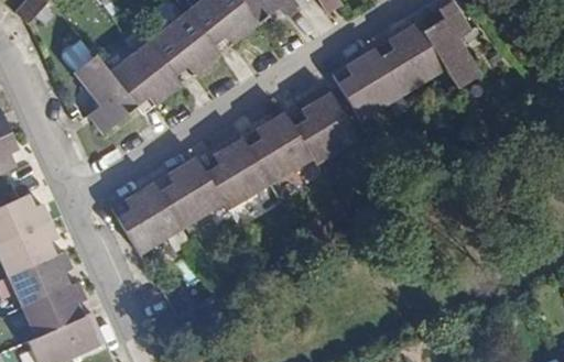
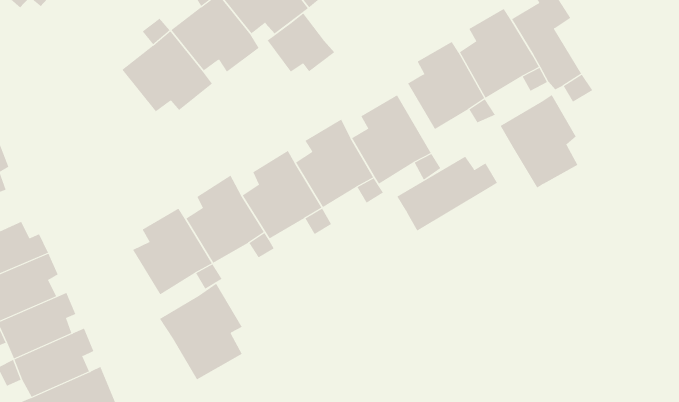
building: none -> [267,13,335,73]
building: [59,37,135,132] -> none
building: none -> [500,94,578,188]
building: none -> [397,156,498,231]
building: none -> [159,283,242,380]

